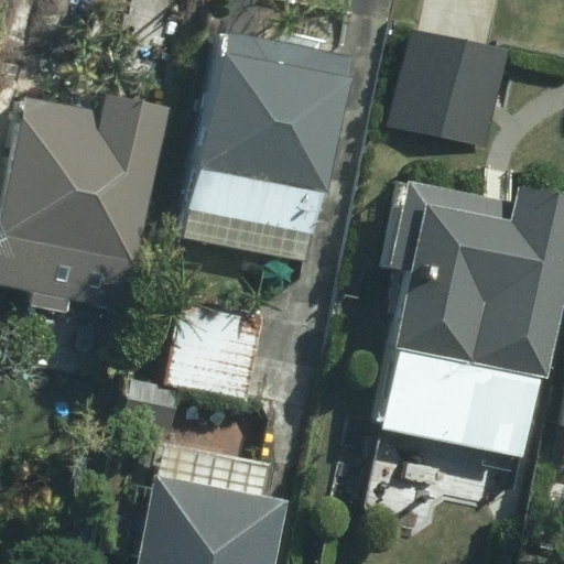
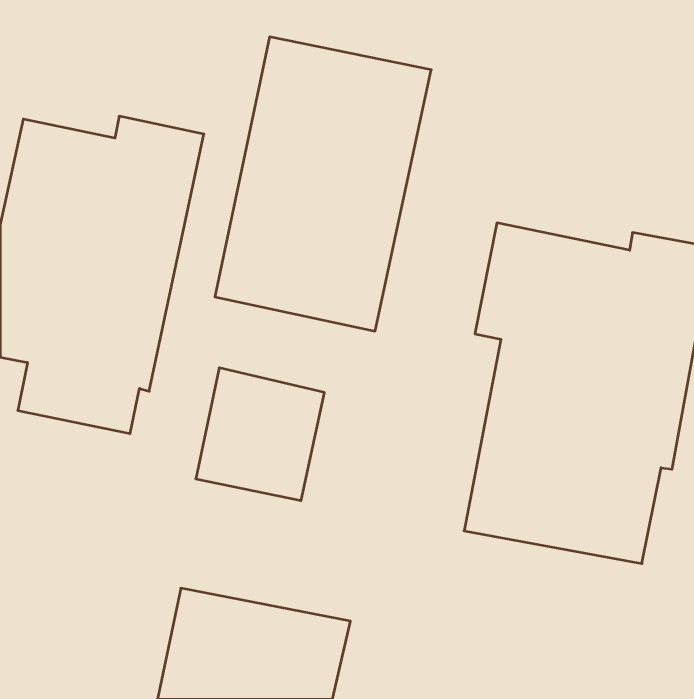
building: [388,29,512,149] -> none

